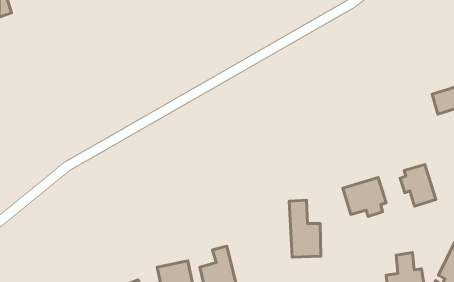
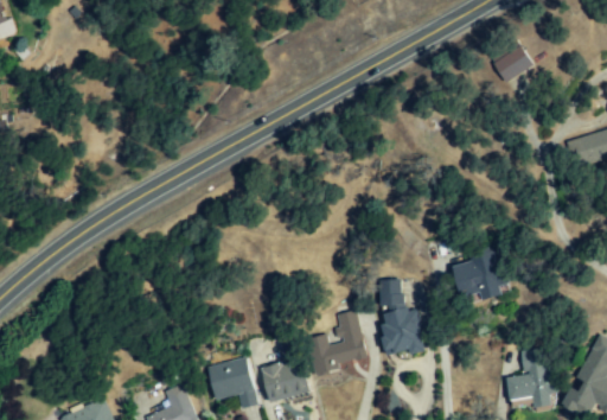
building: none -> [497,43,537,79]
building: [400,165,436,206] -> none
building: none -> [308,310,368,375]

